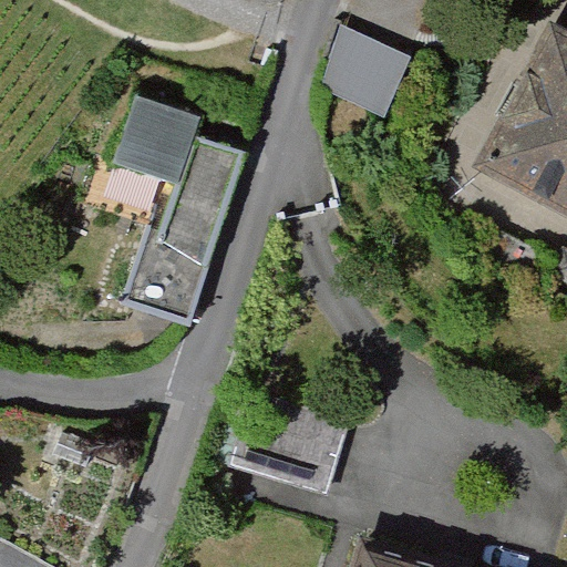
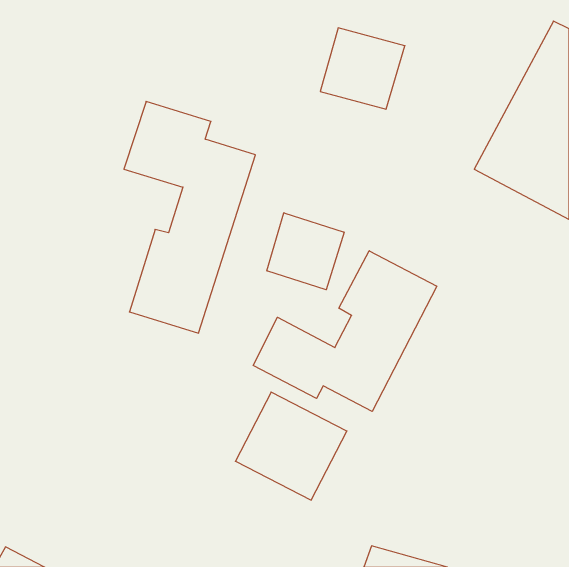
building: none -> [267,213,344,290]
building: none -> [253,251,437,411]

